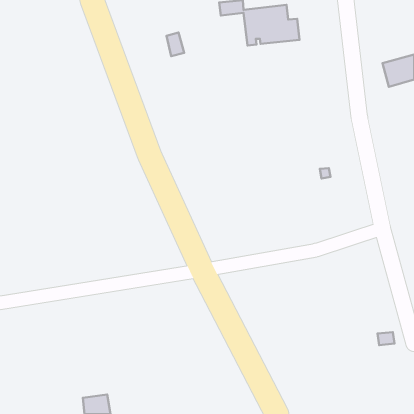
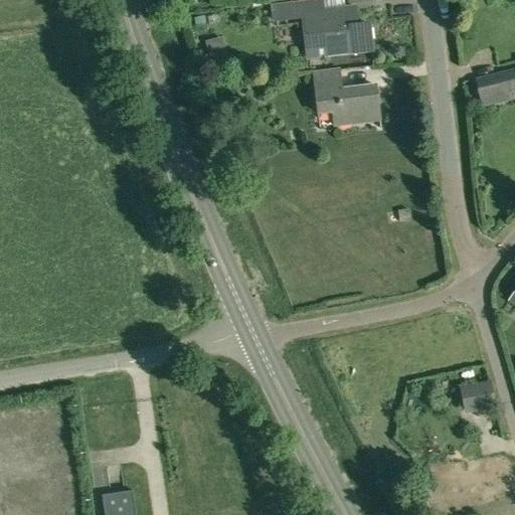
building: none -> [312,68,379,125]
building: none -> [461,382,494,408]

